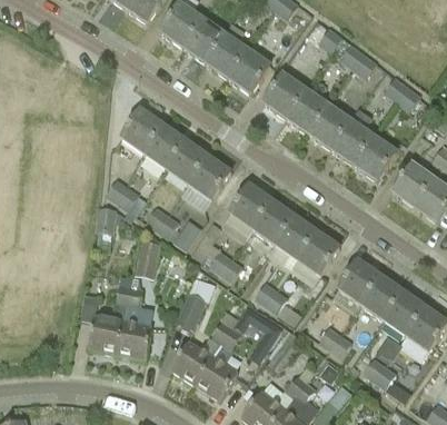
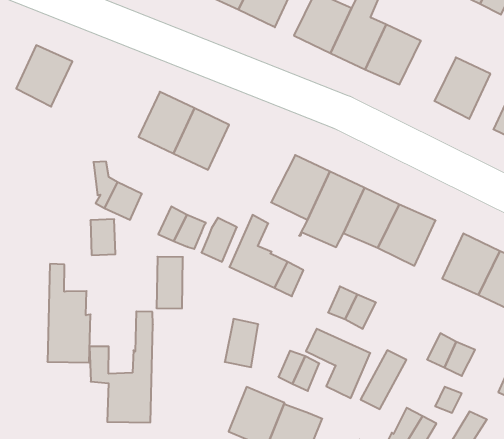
building: [331,108,374,164] -> none
building: [121,109,163,154] -> [16,45,72,107]
building: [188,156,231,200] -> none
building: [118,286,153,359] -> [47,264,91,363]

